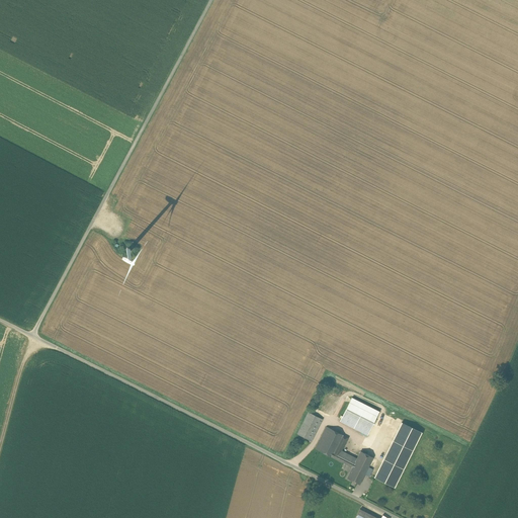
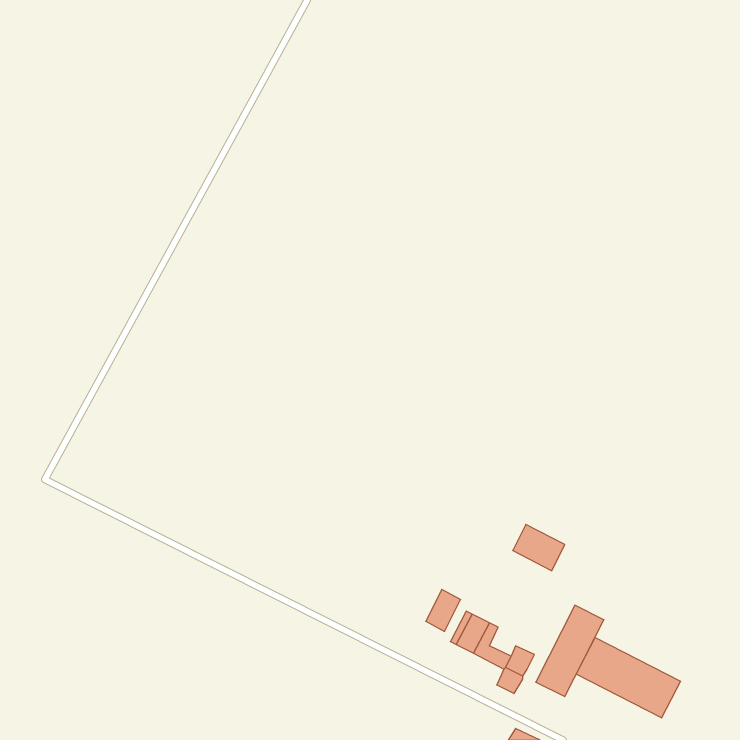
building: [340,403,376,435] -> [513,524,565,571]
building: none -> [576,638,681,718]

